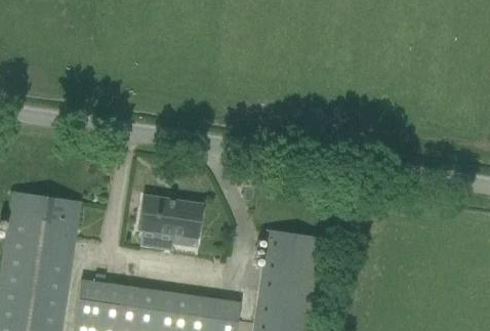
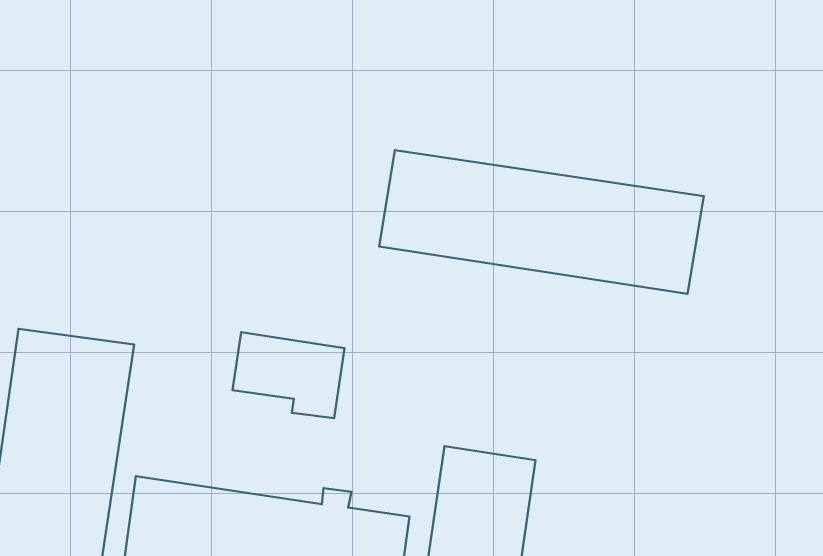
building: none -> [379,150,704,294]
building: [262,229,320,271] -> none

